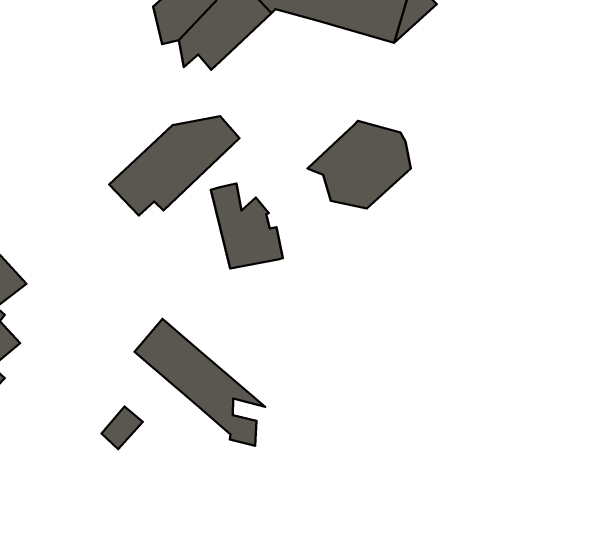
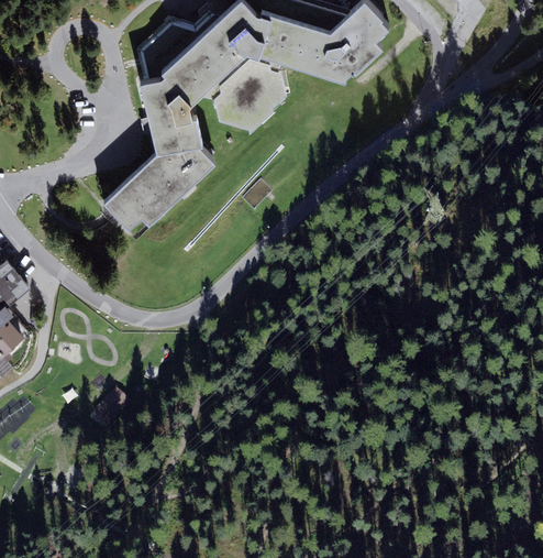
building: [308,121,411,209] -> [202,55,290,130]
building: [211,183,283,268] -> [141,81,202,154]
building: [134,319,265,446] -> none

